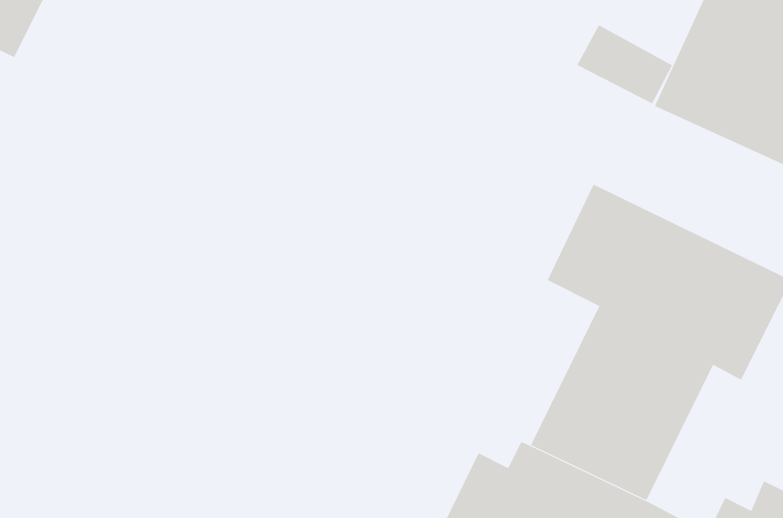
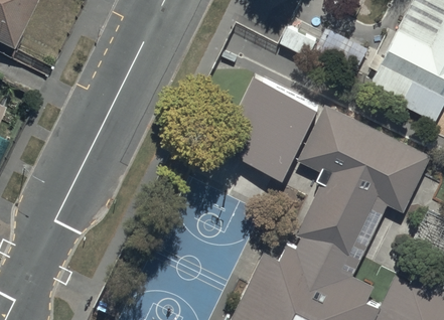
building: none -> [225,83,318,181]

